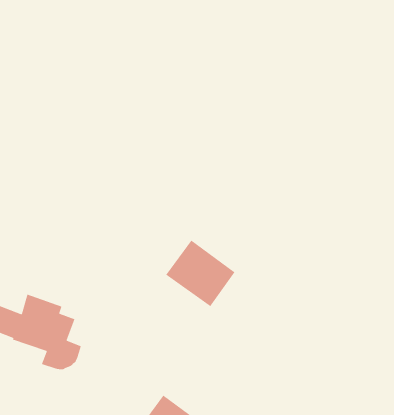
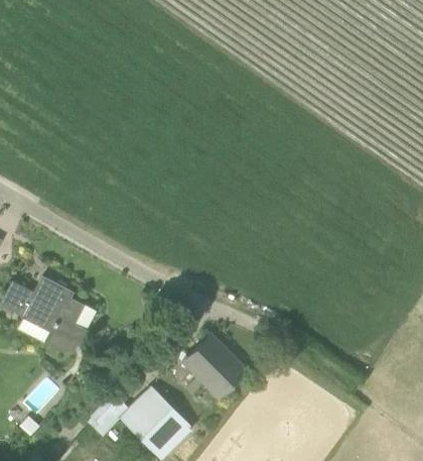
building: [165,239,235,307] -> [181,334,245,397]

